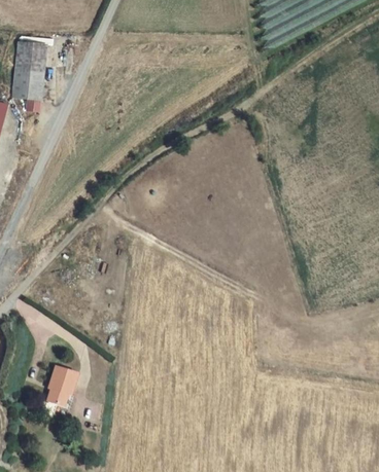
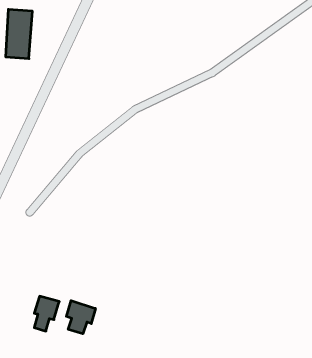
building: none -> [66,301,95,334]

